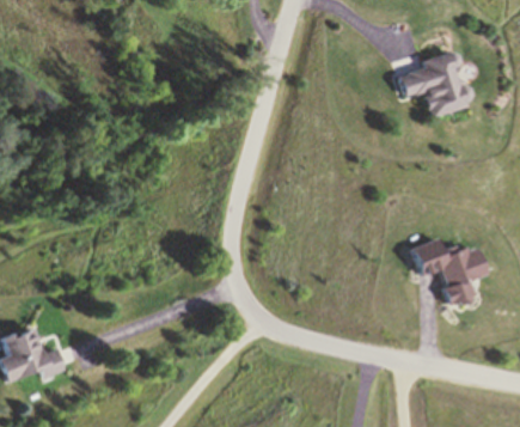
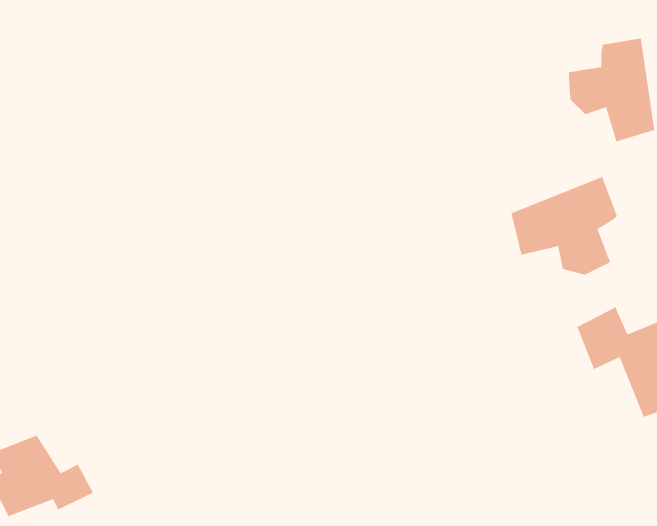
building: none -> [511,176,617,275]

